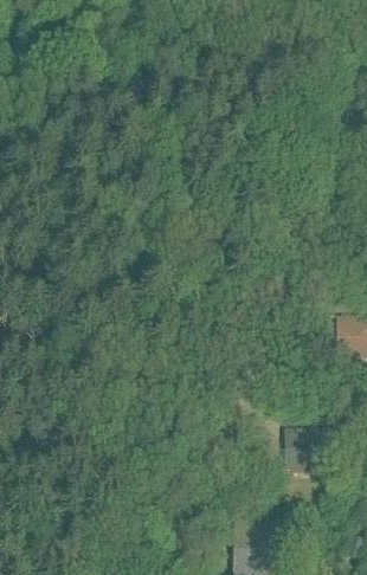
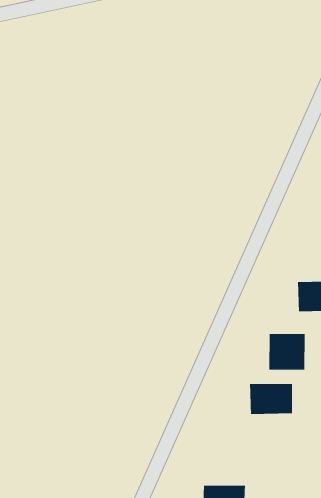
building: none -> [268,333,306,370]

